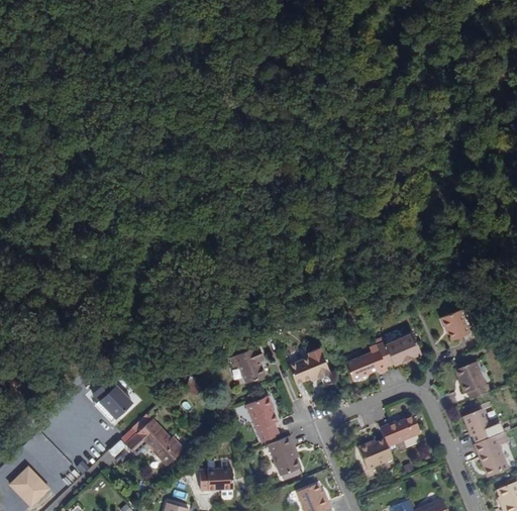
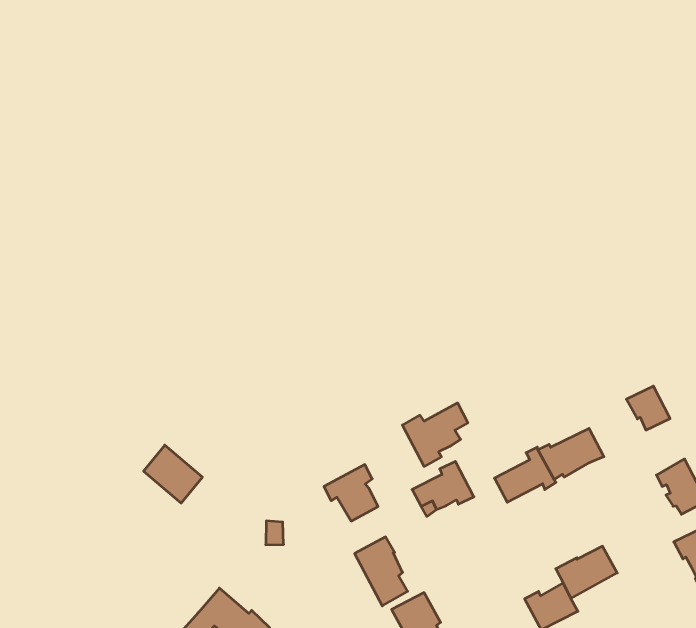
building: none -> [402,403,468,466]
building: [94,379,133,419] -> [144,445,202,503]

